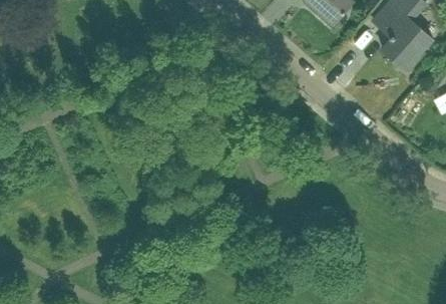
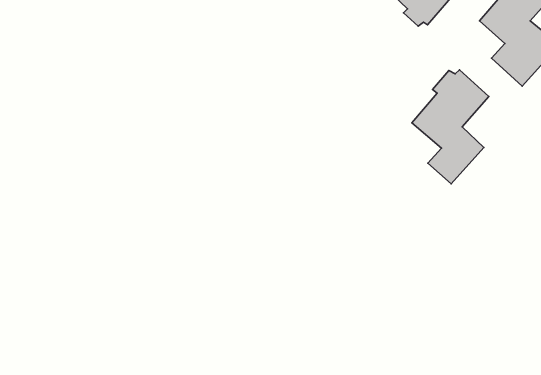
building: none -> [412,70,489,184]

